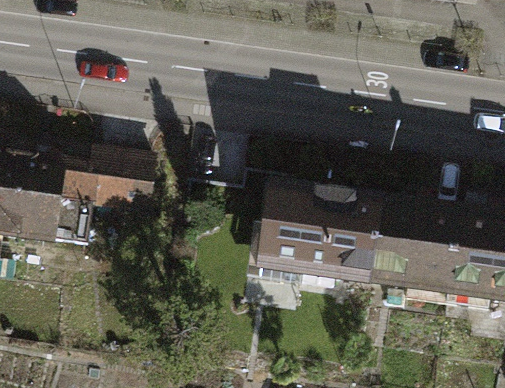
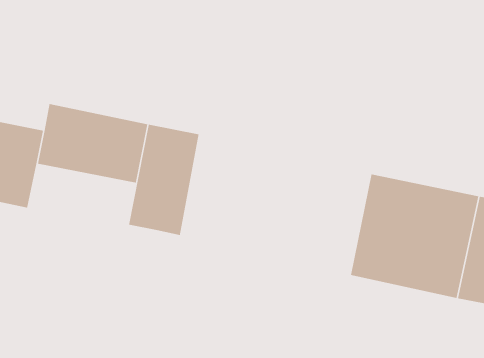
building: none -> [128,124,199,236]
building: [249,173,359,278] -> none

